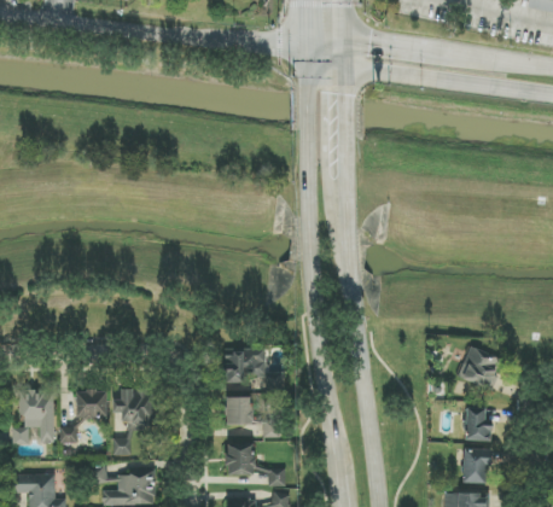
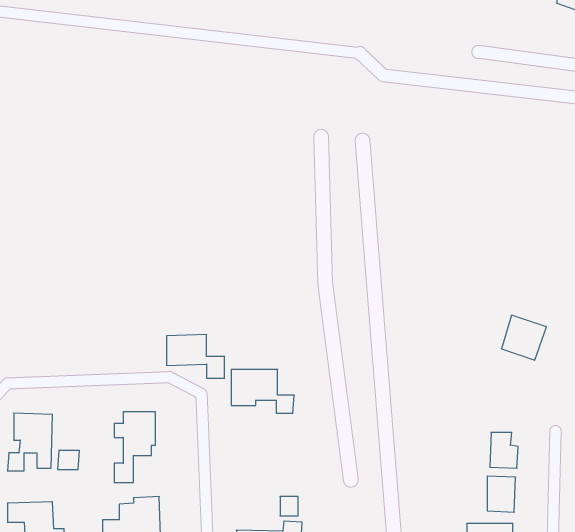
building: [459,346,501,389] -> [501,315,546,360]
building: [75,390,106,419] -> none
building: [225,396,279,437] -> [167,335,225,378]
building: [225,443,255,476] -> none

